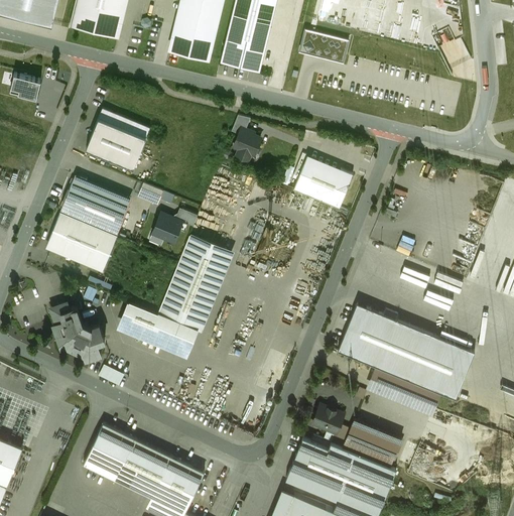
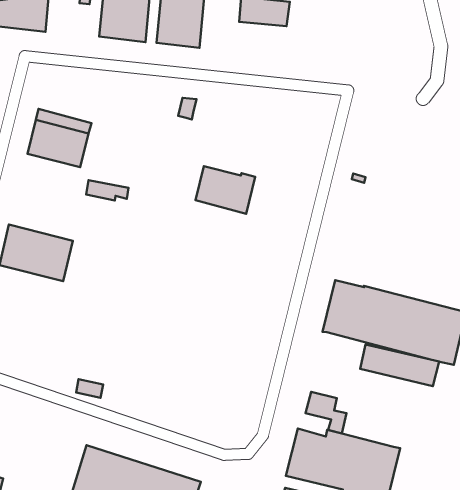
building: [233,131,260,161] -> none
building: [293,159,352,209] -> [195,166,255,214]
building: [59,175,131,235] -> none
building: [152,212,181,242] -> none
building: [116,235,234,359] -> none
building: [50,302,104,360] -> none
building: [343,419,401,467] -> none

